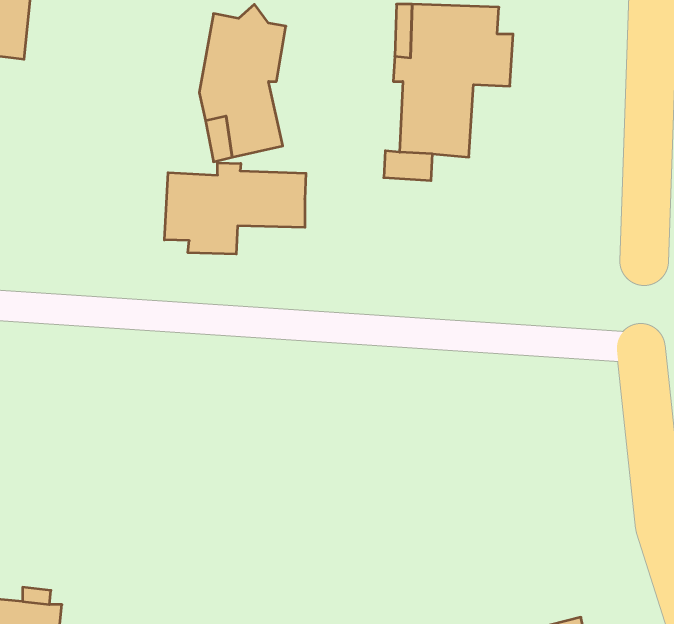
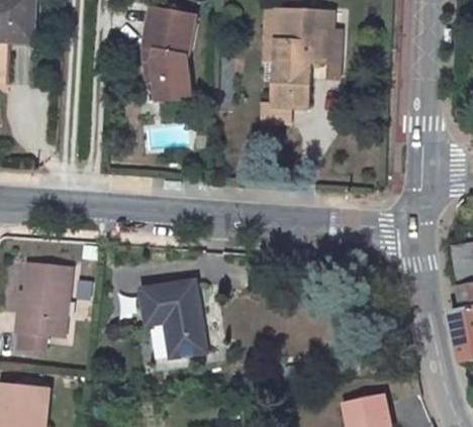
building: [164,163,306,254] -> none
building: none -> [18,266,74,351]
building: none -> [145,281,201,351]

